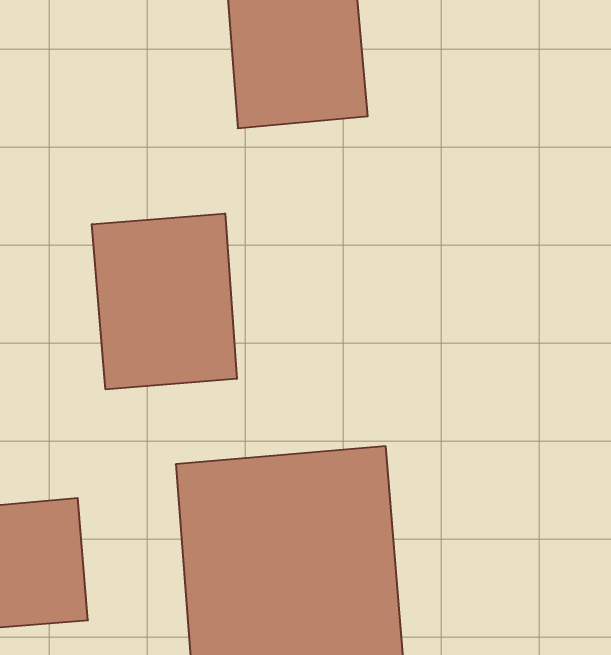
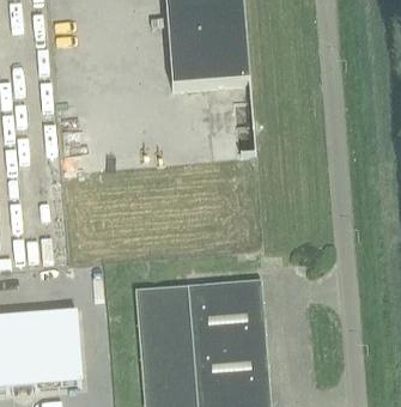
building: [92,213,237,389] -> none

